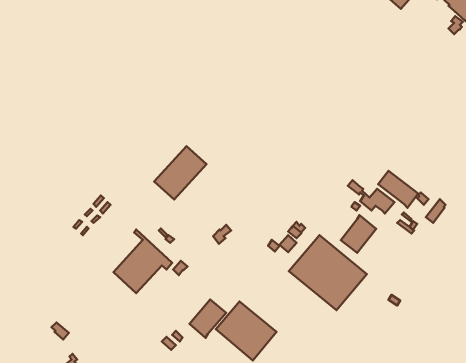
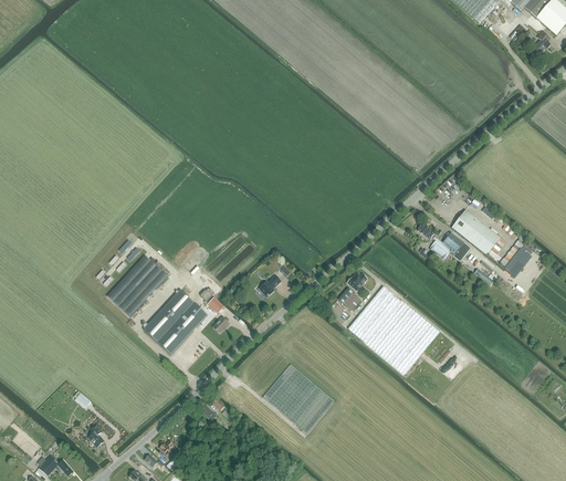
building: [154,146,206,199] -> [107,254,168,316]
building: [341,215,376,253] -> none
building: [189,300,226,338] -> none

